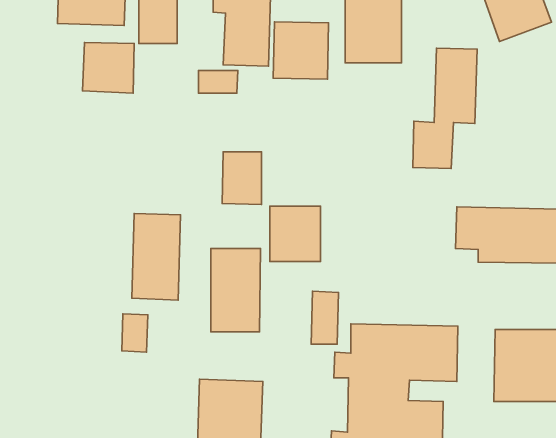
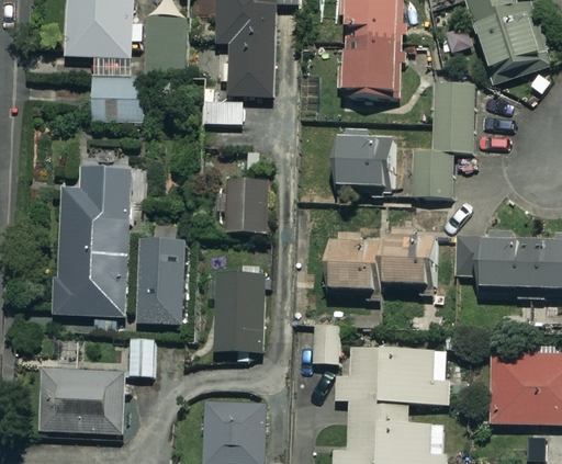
building: [273,22,329,79] -> [338,131,392,186]
building: none -> [53,168,128,316]
building: [270,206,321,261] -> [329,236,379,290]
building: none -> [389,236,429,290]
building: none -> [40,367,122,432]

